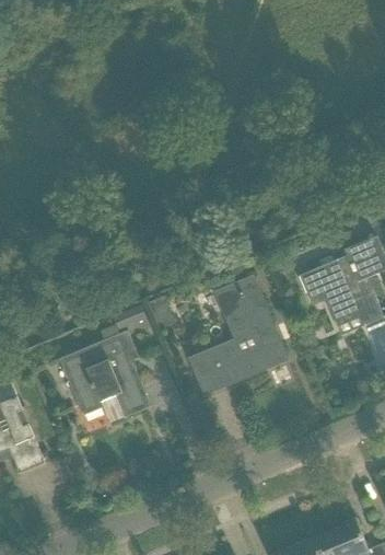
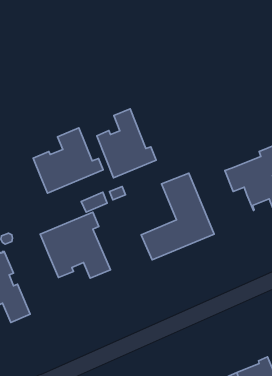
building: none -> [97,109,156,178]
building: none -> [33,128,103,193]

